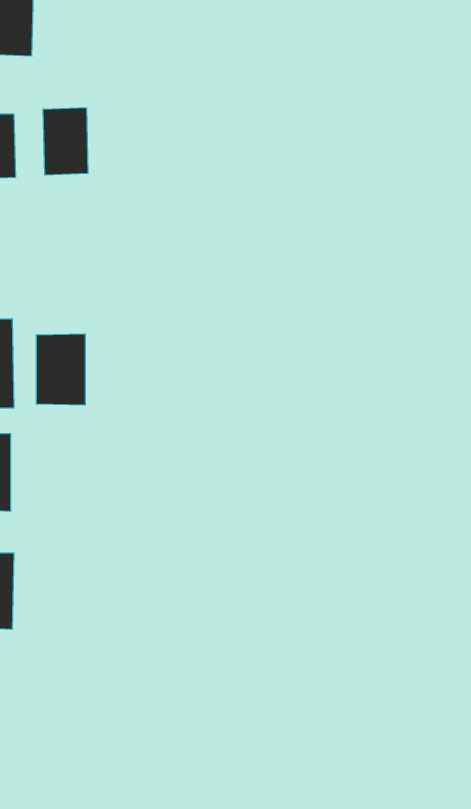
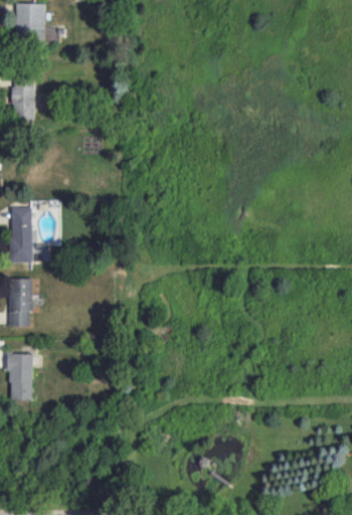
building: [43,108,88,175] -> none
building: [37,334,85,405] -> none

